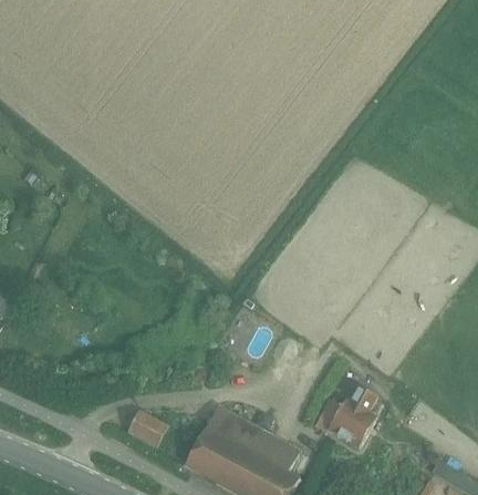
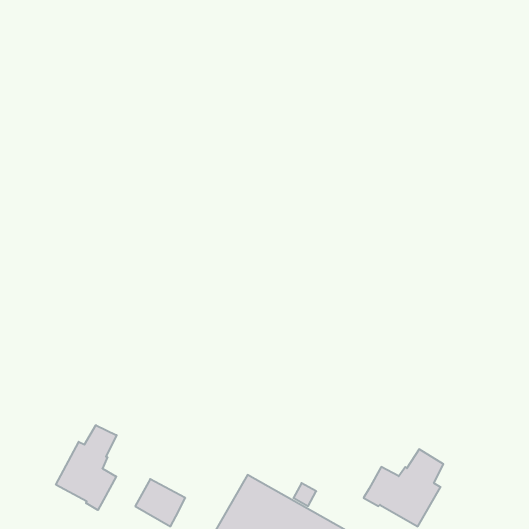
building: none -> [56,425,117,510]

